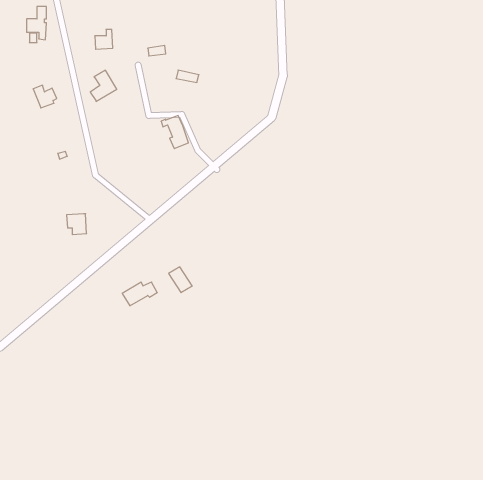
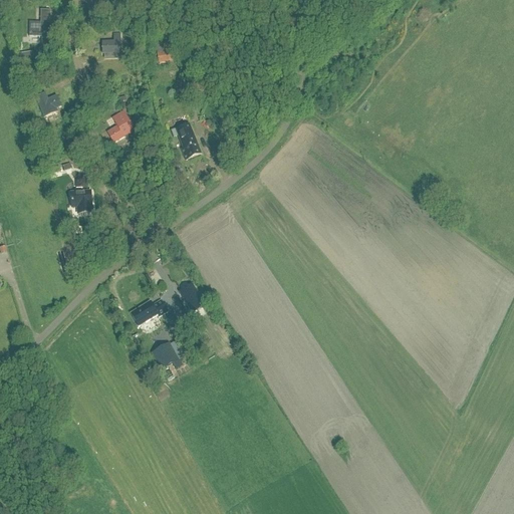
building: [90,70,117,101] -> [106,108,135,142]
building: [67,214,87,235] -> [70,190,91,212]
building: none -> [152,341,182,368]

